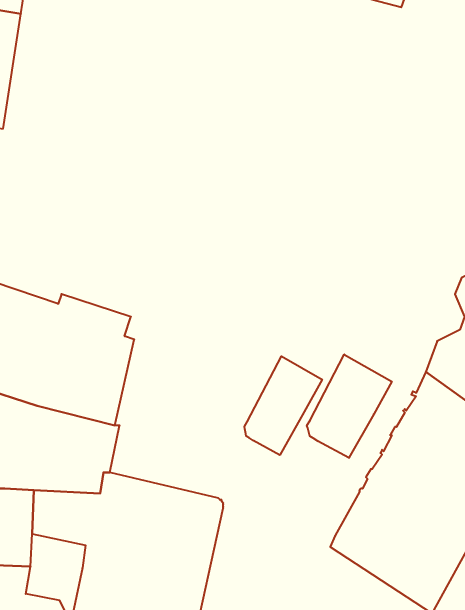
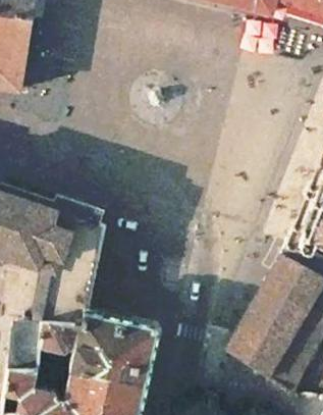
building: [307,354,392,458] -> none
building: [244,356,322,455] -> none

